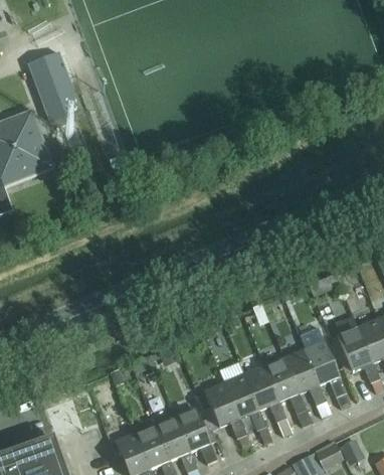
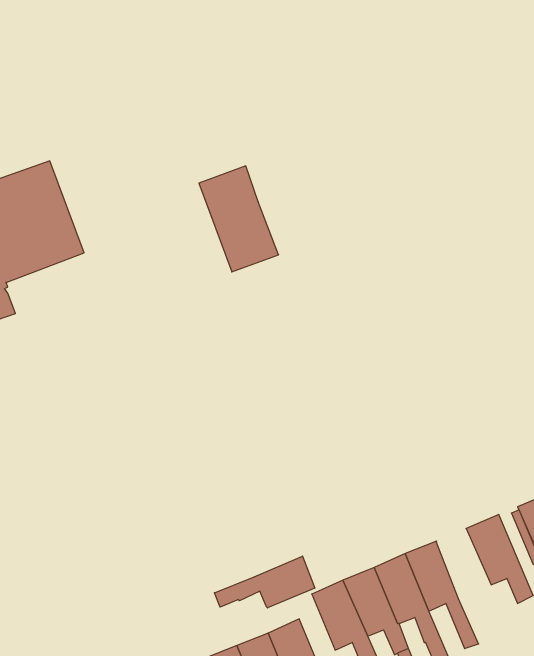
building: [28,51,79,120] -> [199,166,279,272]
building: [283,348,330,416] -> none
building: none -> [214,556,315,608]

